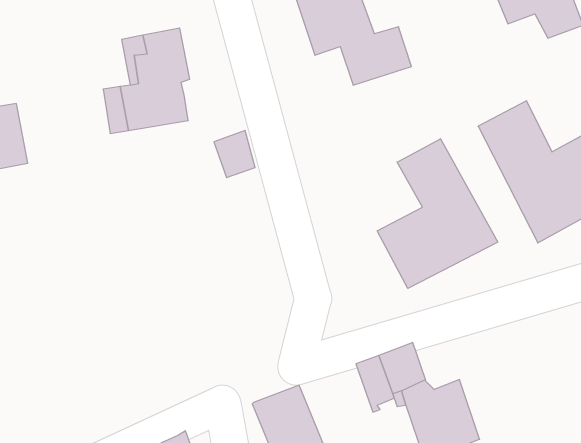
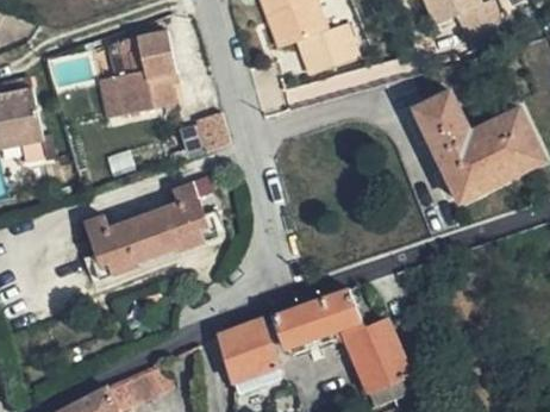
building: [377,139,498,288] -> none
building: none -> [77,181,220,279]
building: none -> [277,307,323,354]

